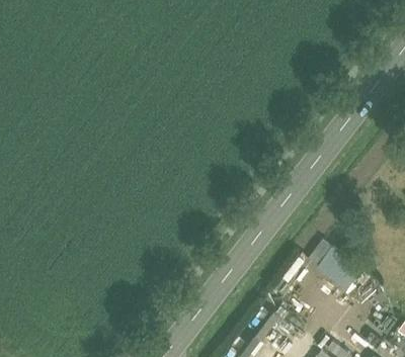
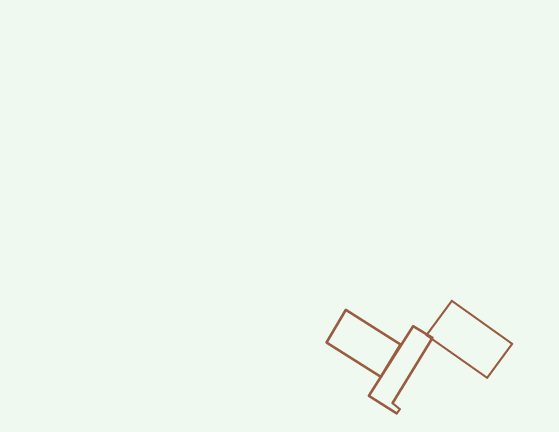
building: none -> [326,310,400,377]

